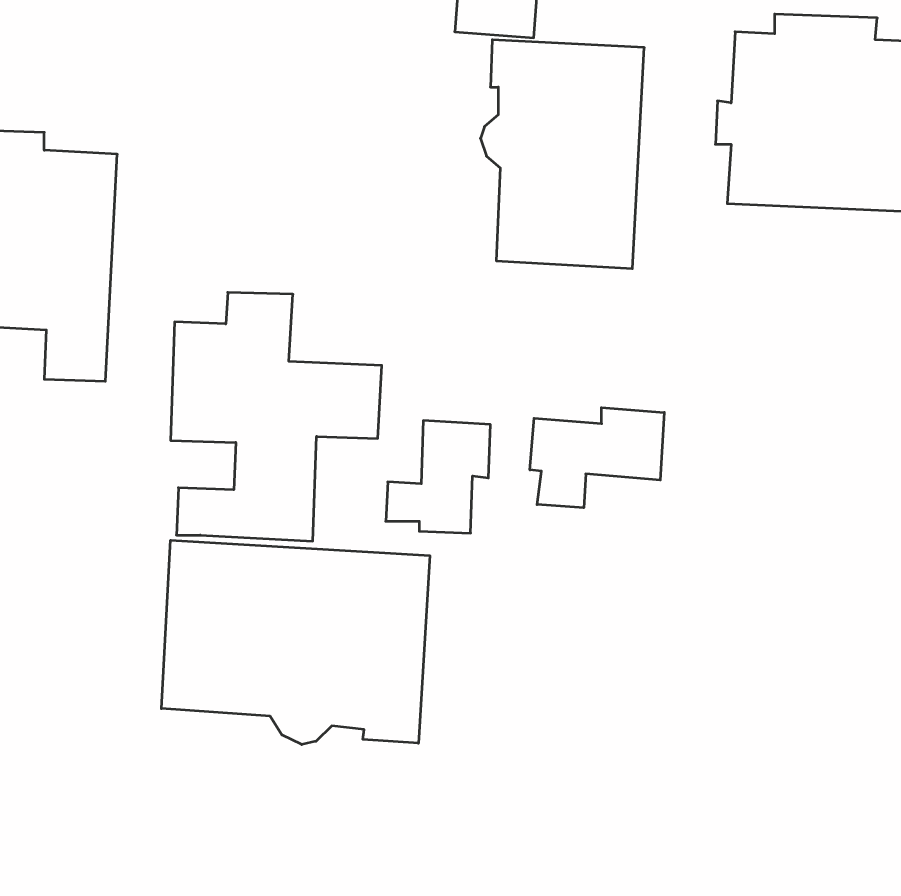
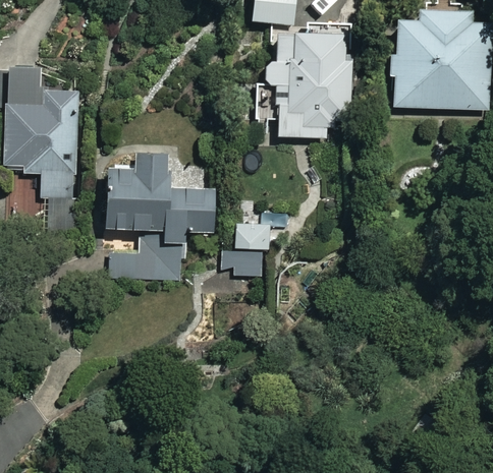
building: [530,408,664,508] -> none
building: [161,540,430,745] -> none

